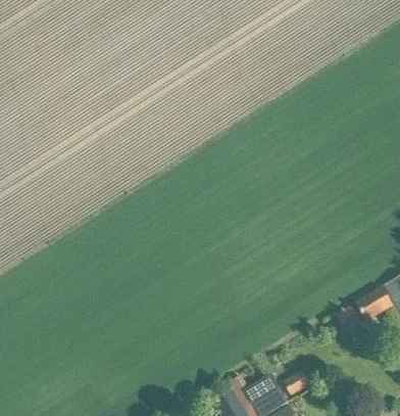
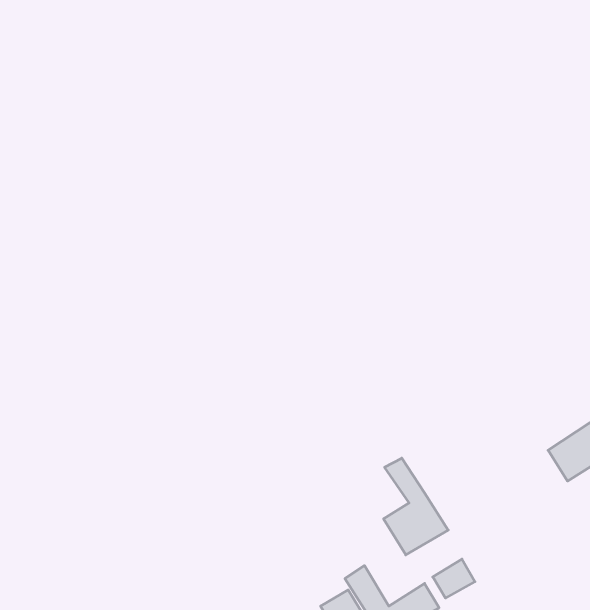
building: none -> [384,458,448,555]

